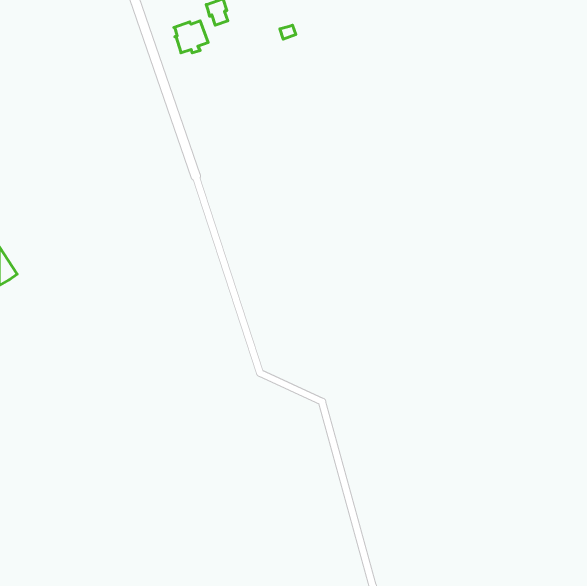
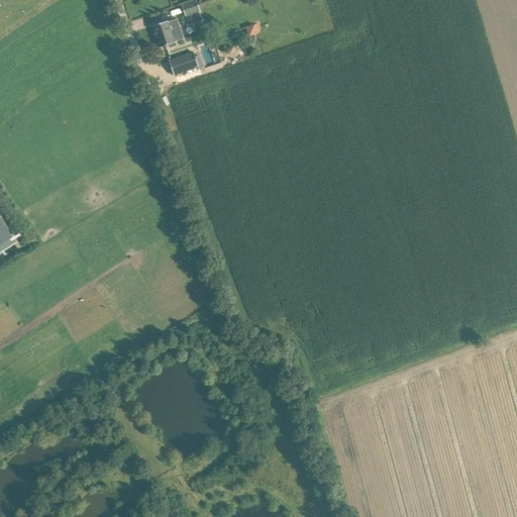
building: none -> [168,50,198,74]

